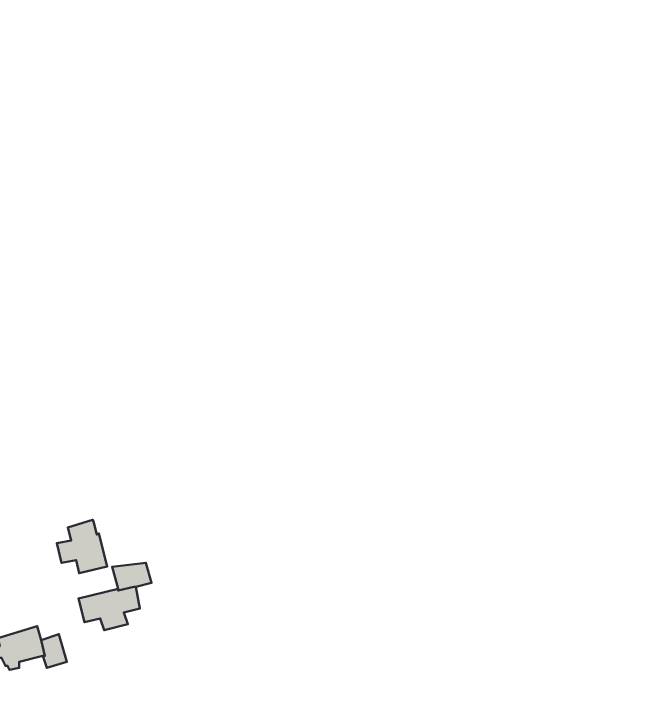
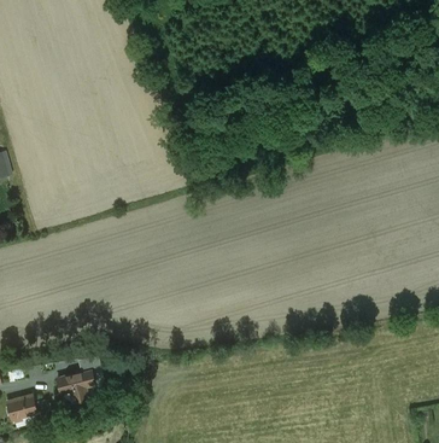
building: [57,520,107,573] -> none

